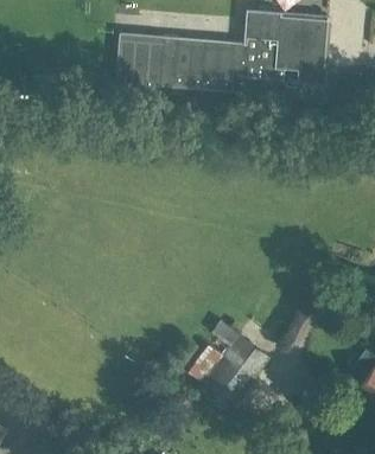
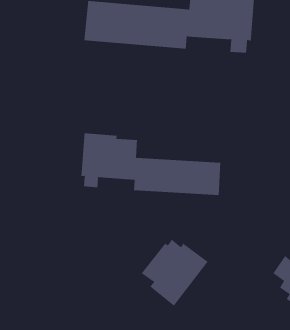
building: none -> [81,133,221,196]

